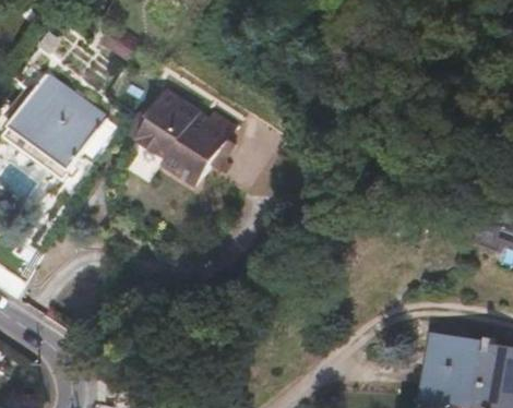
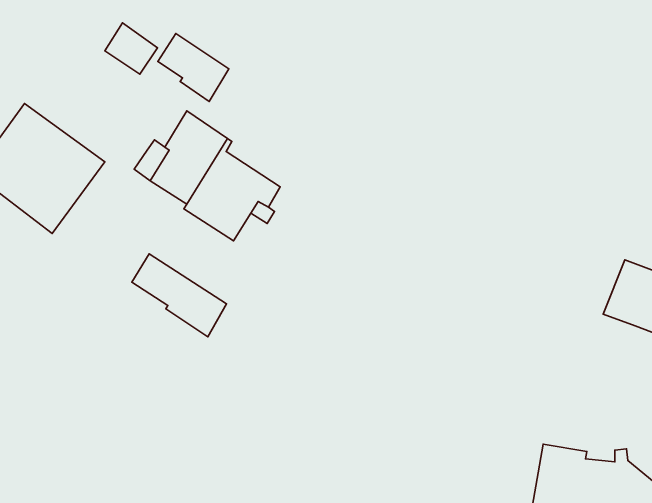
building: none -> [158,33,229,101]
building: none -> [132,254,226,337]

